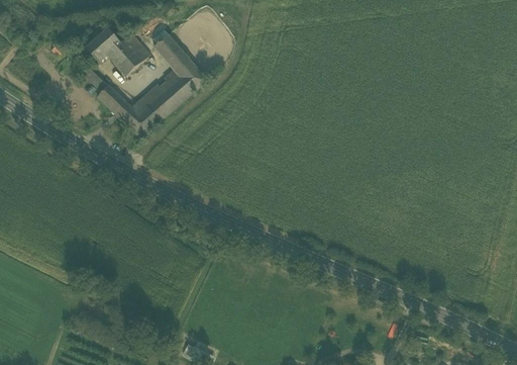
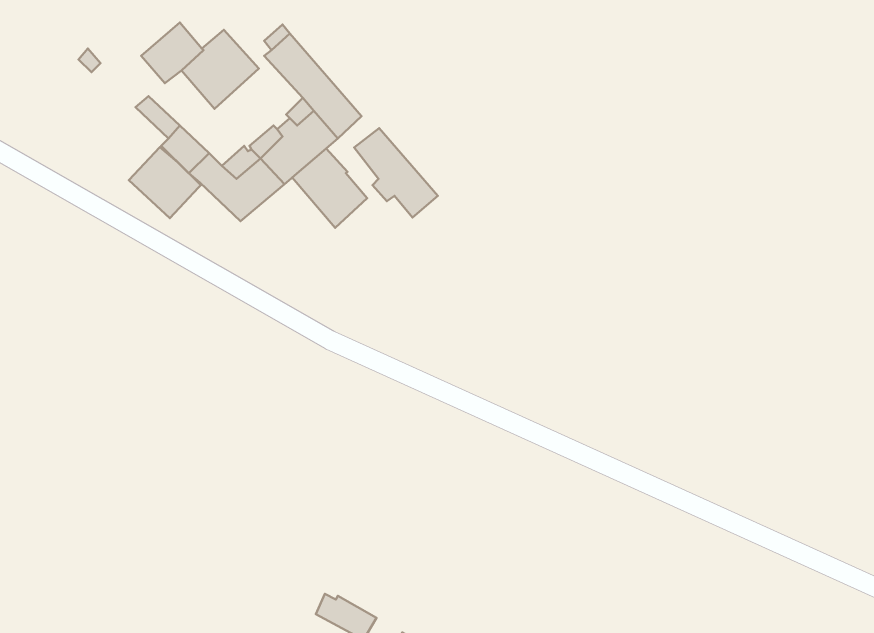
building: none -> [354,128,438,217]
building: none -> [129,147,201,218]
building: none -> [292,148,367,228]

